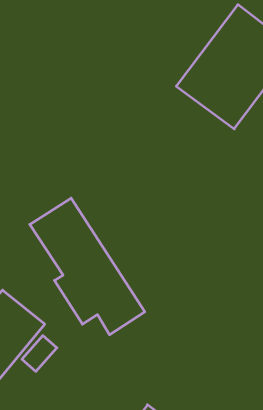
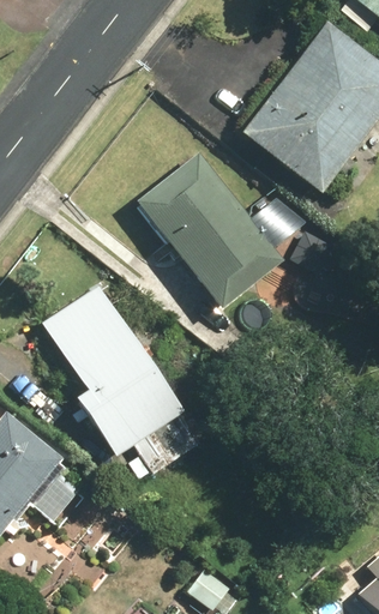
building: none -> [136,154,312,308]

